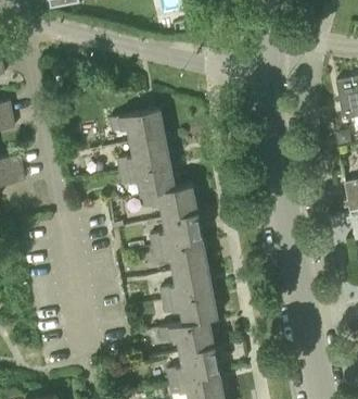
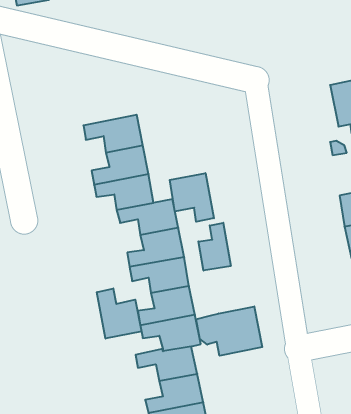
building: none -> [170,173,214,222]
building: none -> [198,223,231,271]
building: none -> [97,288,141,339]
building: none -> [196,306,262,356]

